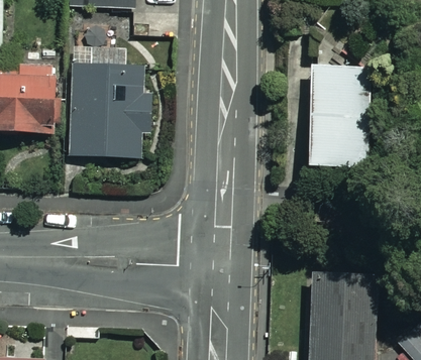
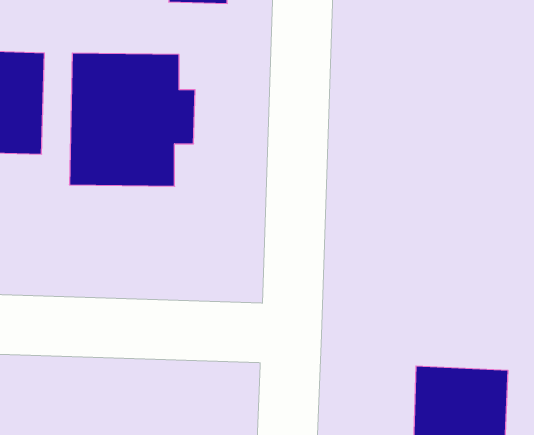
building: [306,64,364,201] -> none

